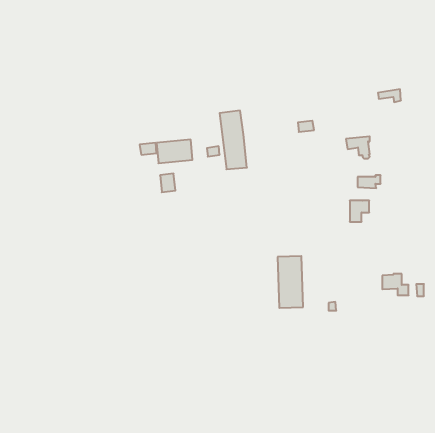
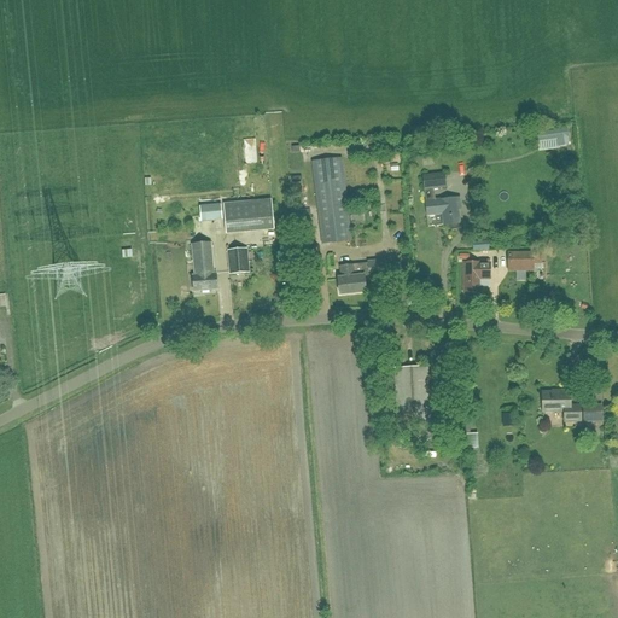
building: [346,136,370,158] -> [425,196,459,227]
building: none -> [191,241,216,290]
building: none -> [337,258,390,293]
building: [350,201,369,222] -> [462,261,490,291]

